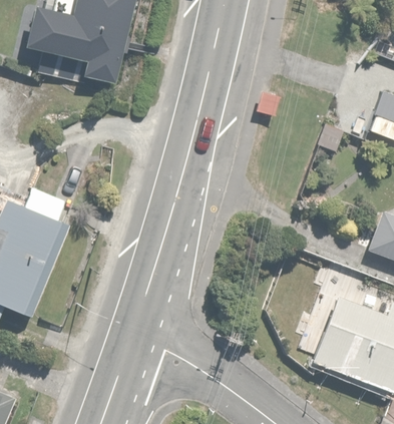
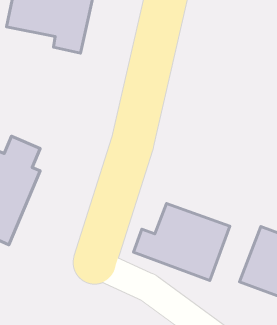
building: none -> [133,203,230,280]

